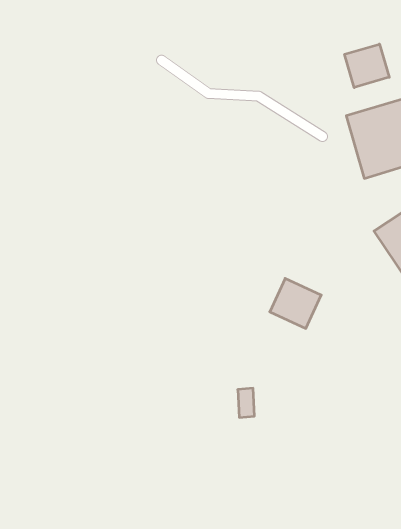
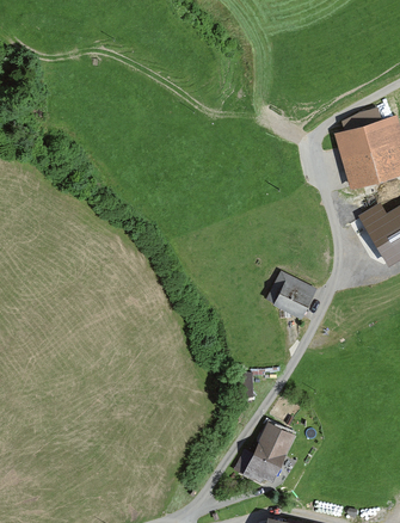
building: [345,44,389,88] -> none
building: none -> [246,423,293,480]

